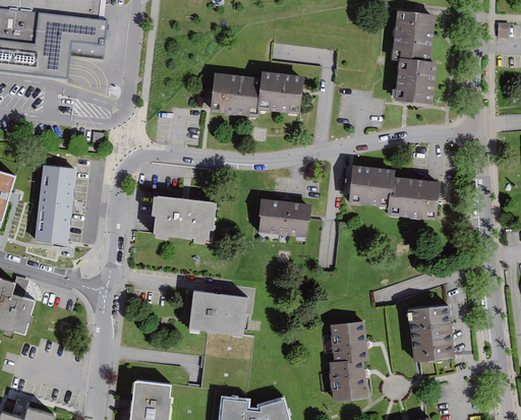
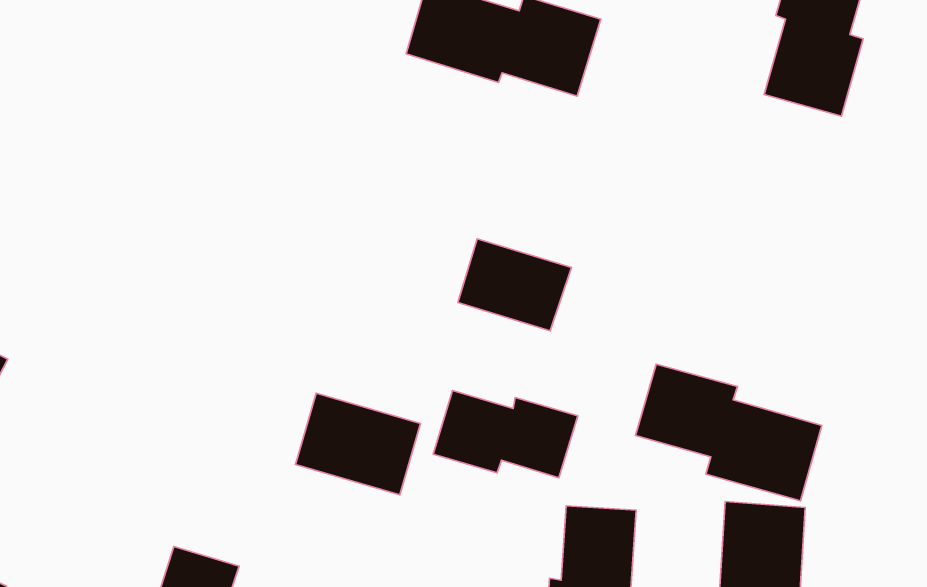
building: [34,165,74,244] -> none
building: [348,165,441,221] -> [636,364,822,501]
building: [152,196,217,243] -> none
building: none -> [433,390,578,478]

